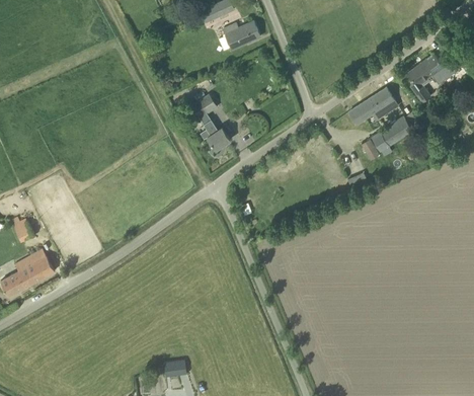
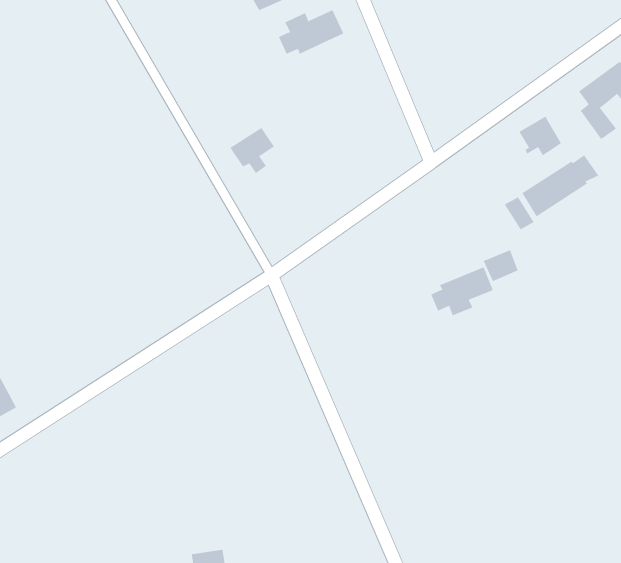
building: [348,98,376,125] -> none
building: [205,120,230,150] -> none
building: none -> [431,267,494,316]

